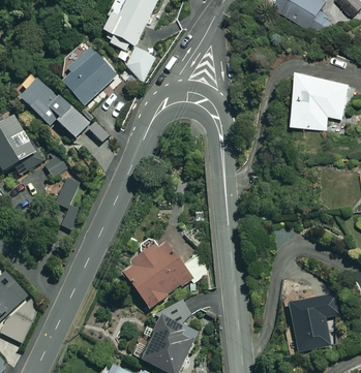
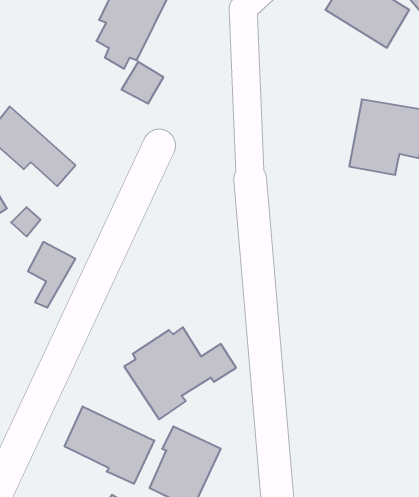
building: [64,49,119,107] -> none
building: [287,294,333,350] -> none
building: none -> [65,406,154,484]

